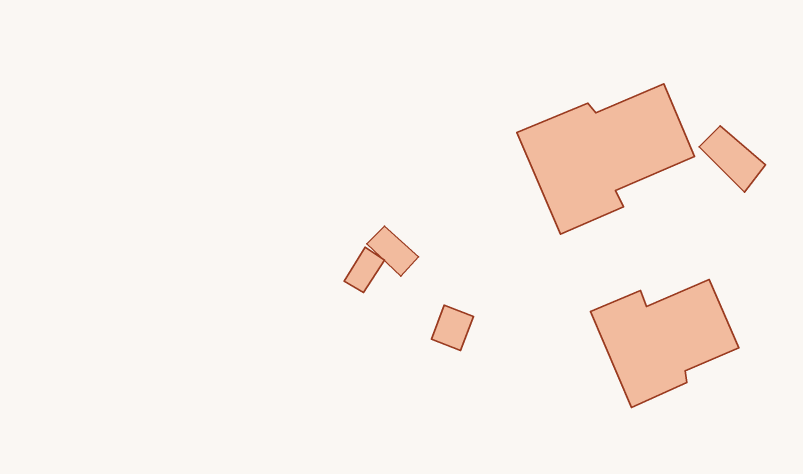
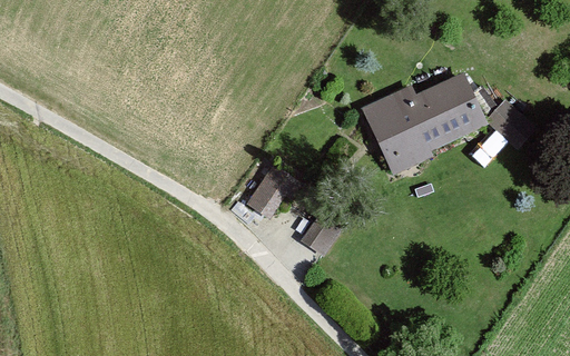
building: [590,279,739,407] -> none

